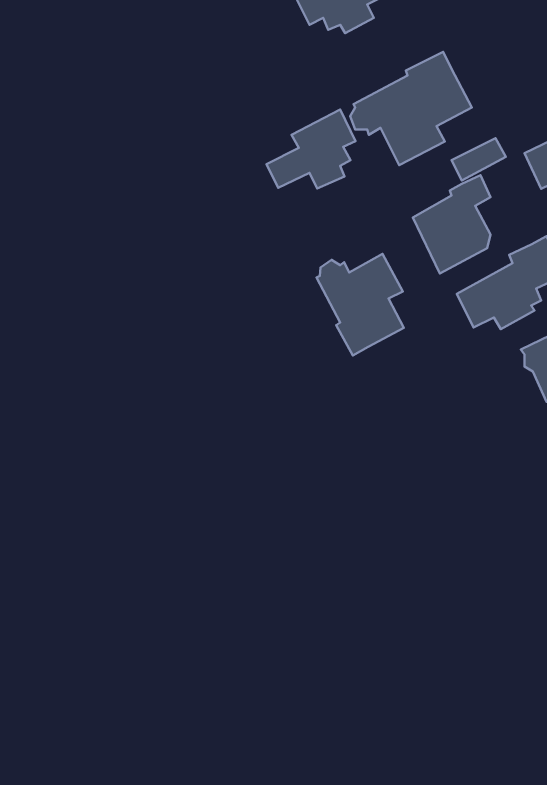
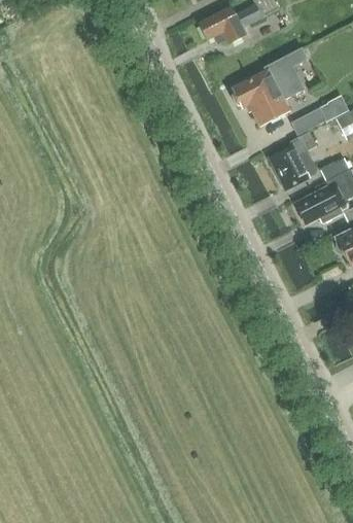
building: [267,109,356,189] -> none
building: [317,254,404,355] -> none

